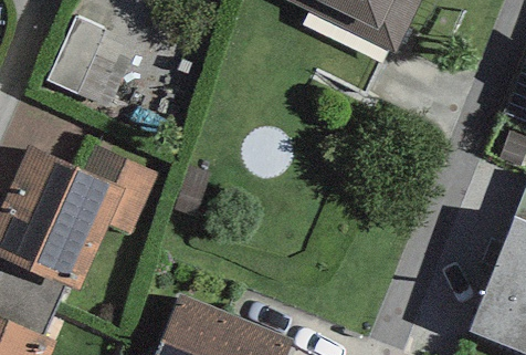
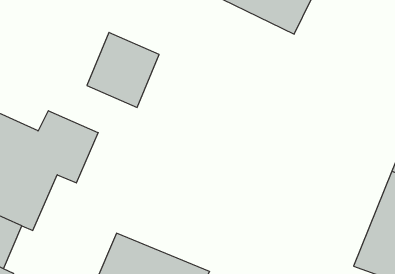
building: [56,25,144,116] -> [87,32,159,107]

